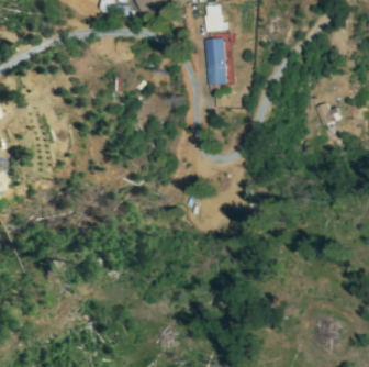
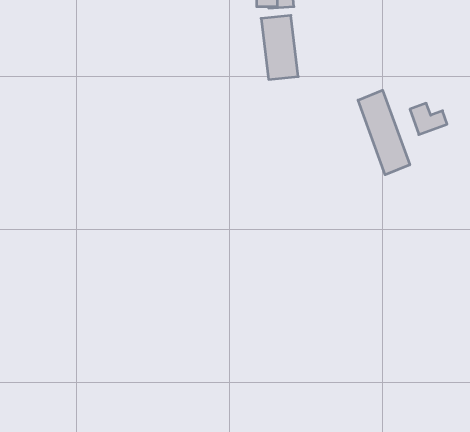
building: none -> [358,90,410,175]

